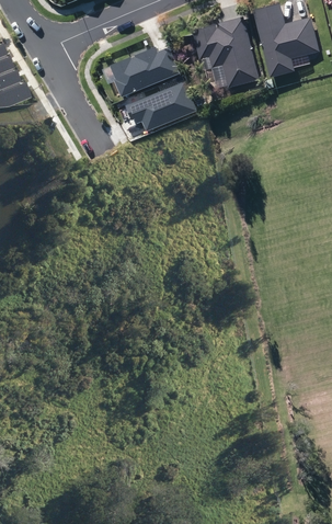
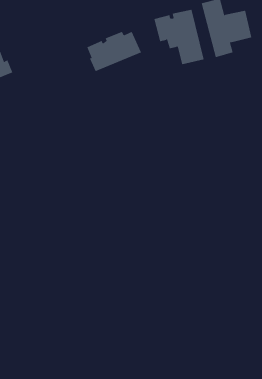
building: [127,80,197,130] -> none

